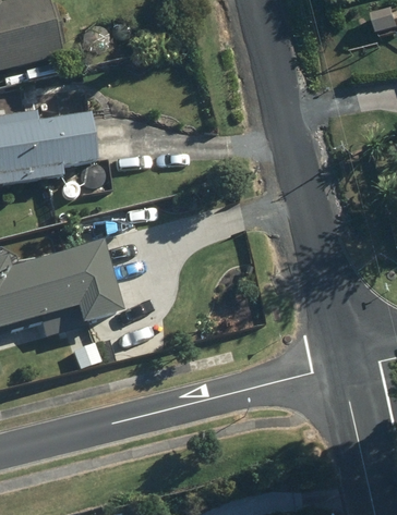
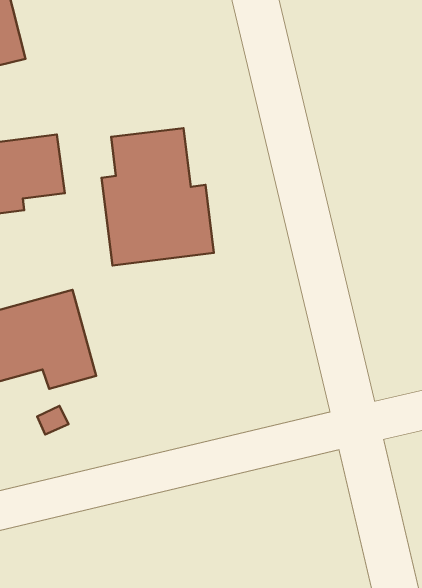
building: none -> [101,128,214,266]

